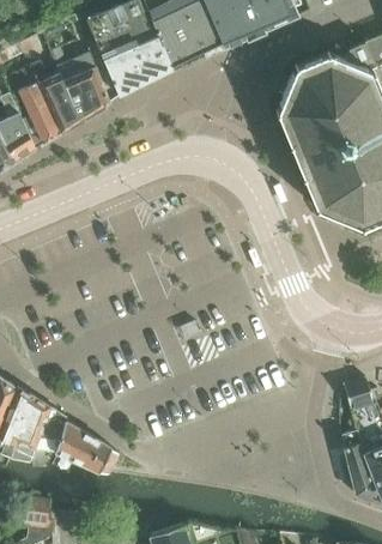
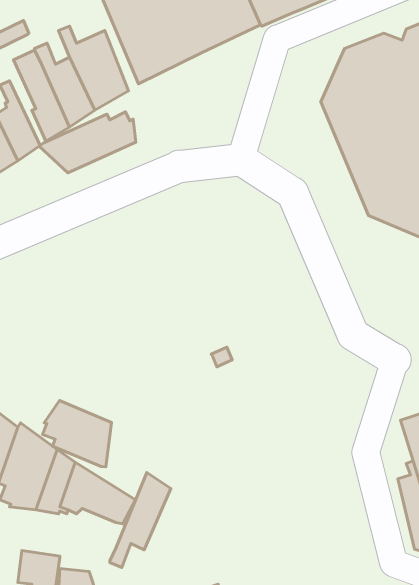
building: none -> [39,112,136,173]
building: none -> [43,401,112,467]
building: none -> [110,473,171,567]

